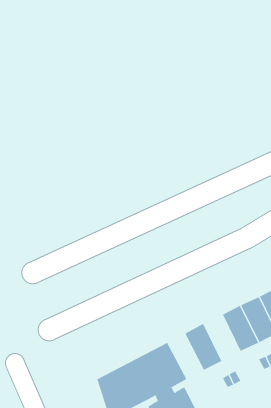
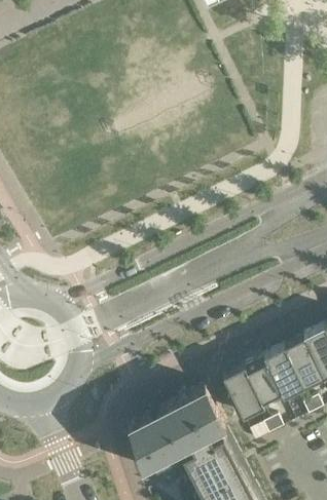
building: none -> [243,355,283,406]

